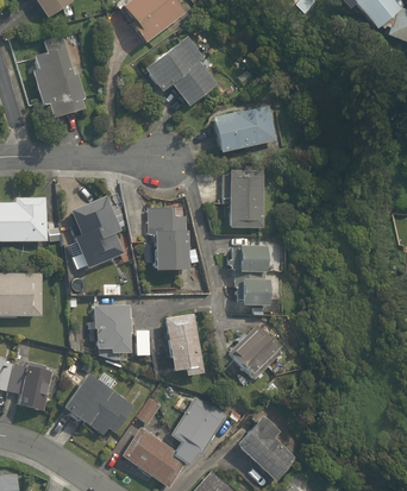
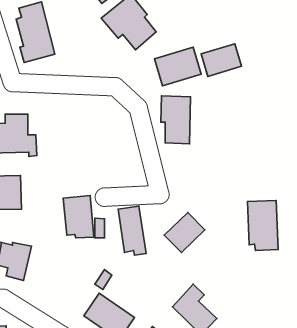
building: none -> [201,44,241,76]
building: [67,194,125,271] -> none
building: [146,203,187,272] -> none
building: [232,244,273,309] -> [247,201,278,250]
building: [63,372,134,435] -> none
building: [170,392,227,462] -> none

